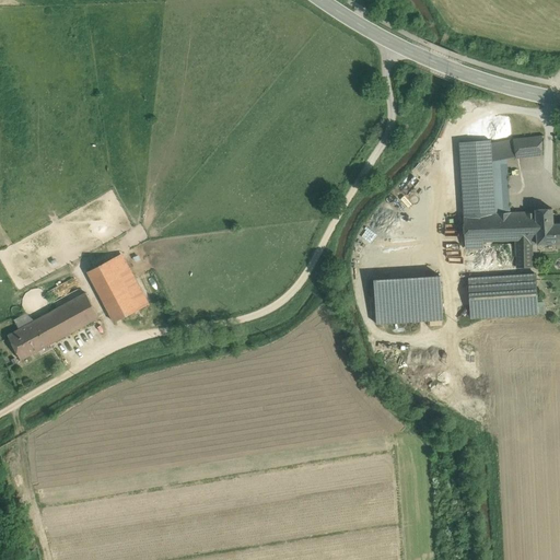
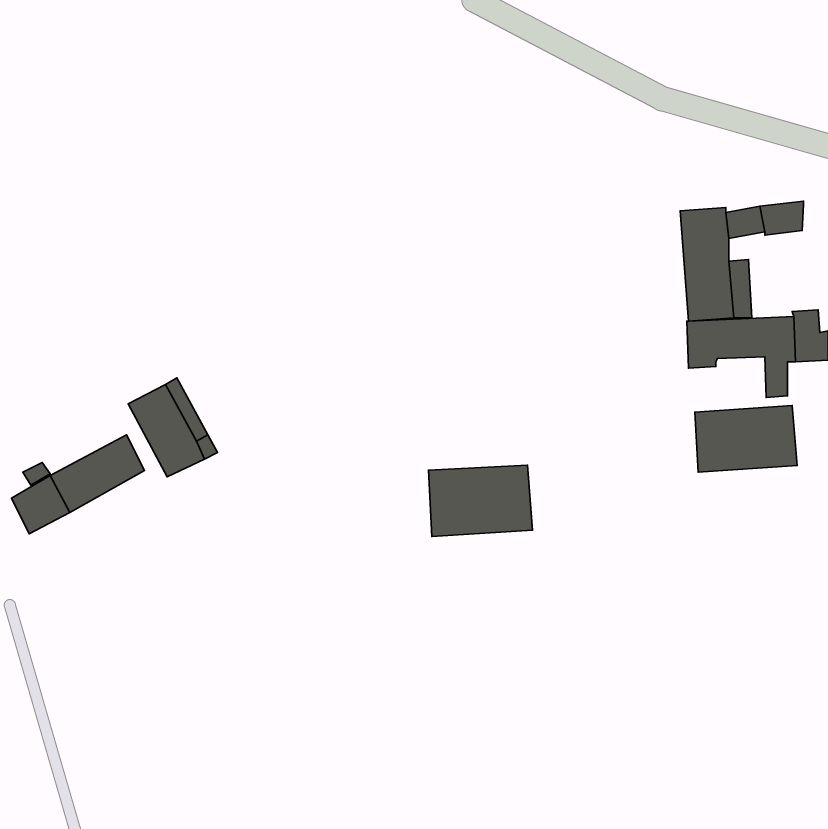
building: [373,276,443,324] -> [428,465,532,537]

